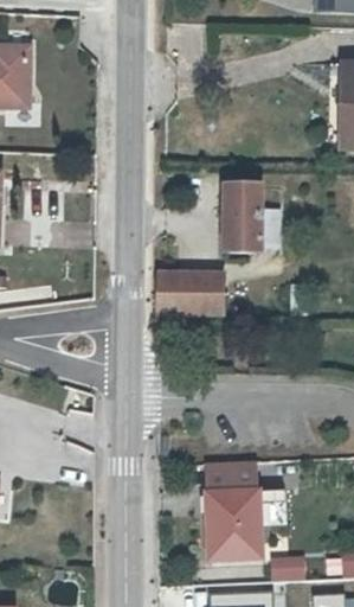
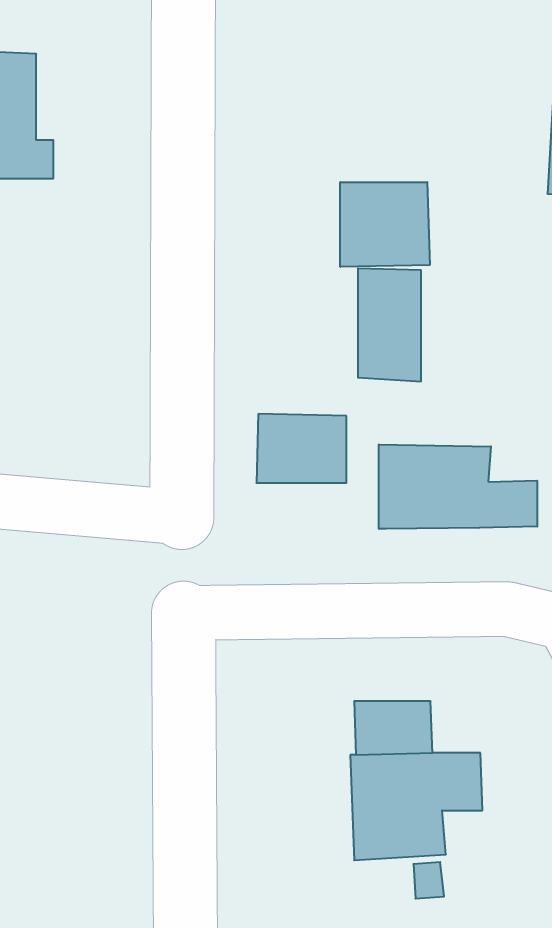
building: none -> [340,182,430,267]
building: none -> [379,444,537,529]

